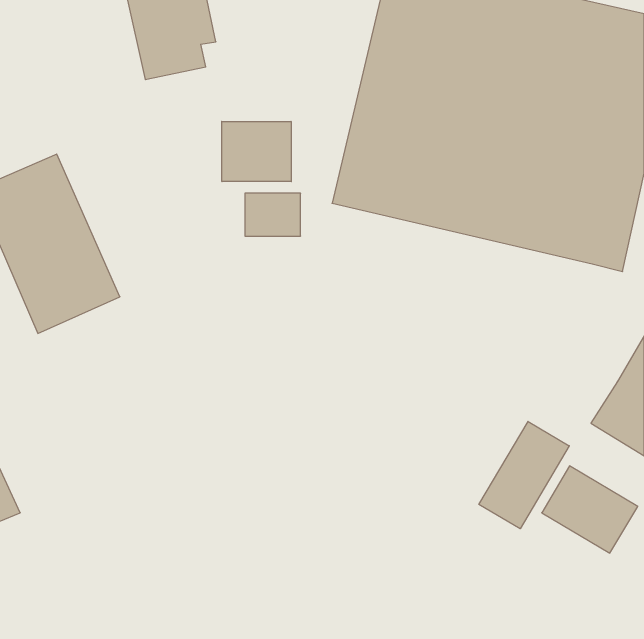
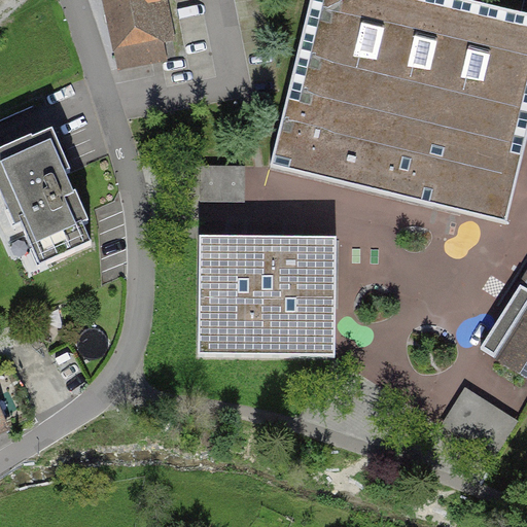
building: [222,121,291,182] -> none
building: none -> [198,235,337,356]
building: [479,421,569,529] -> none

